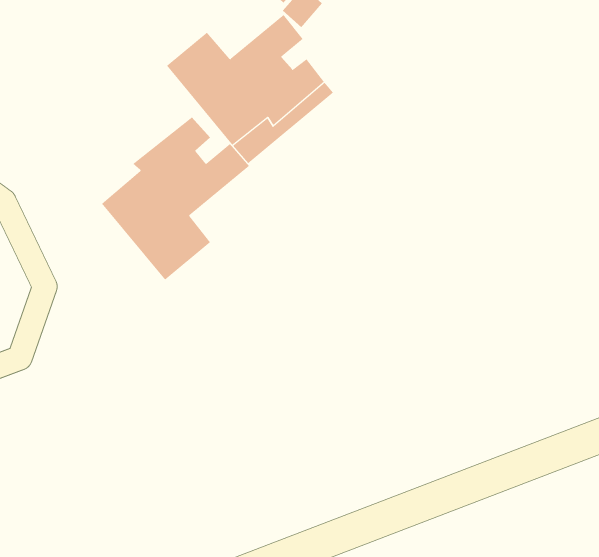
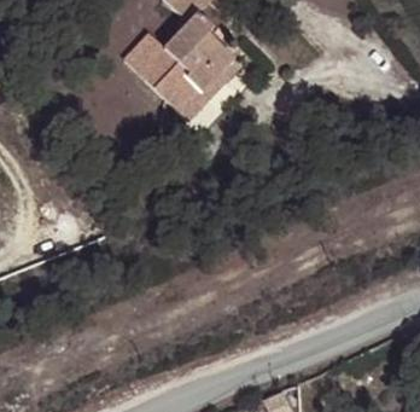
building: [101,116,250,281] -> none

